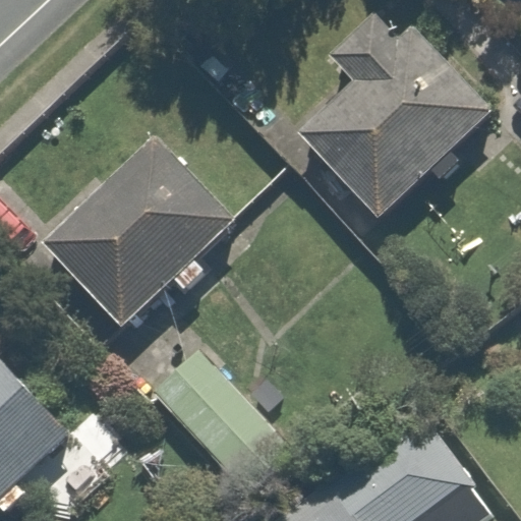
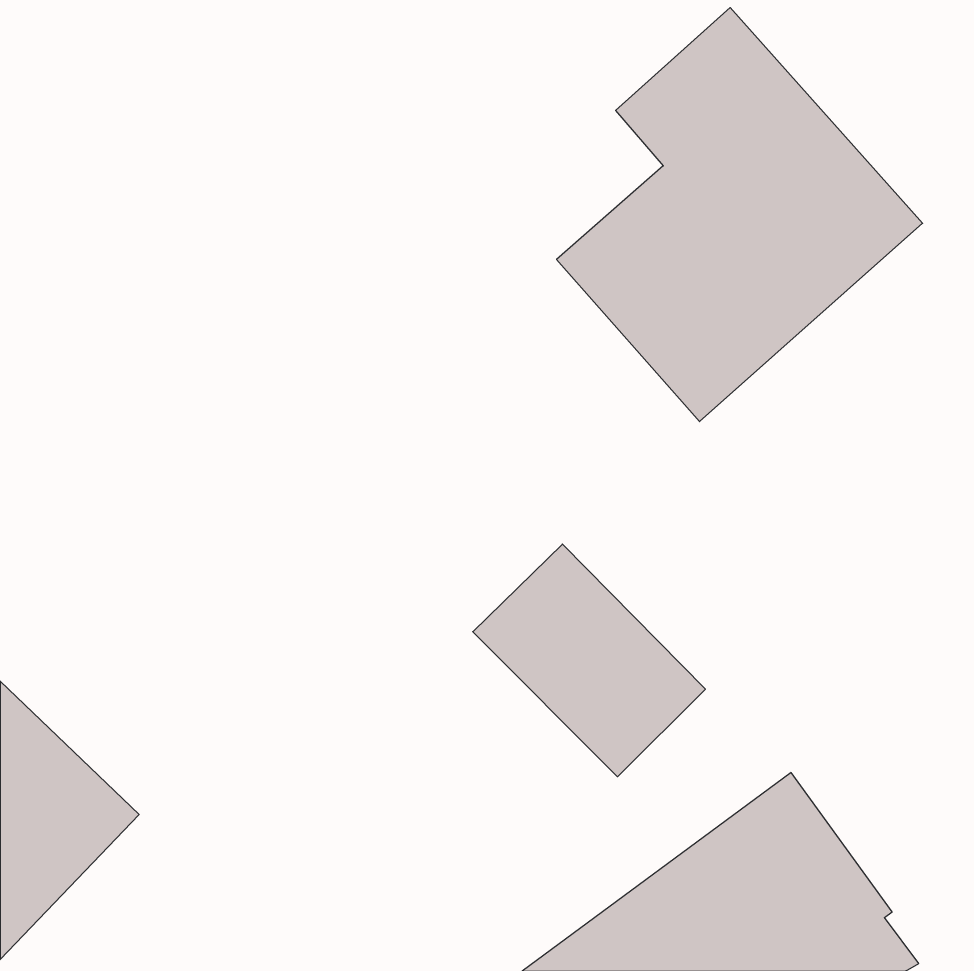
building: [44,140,228,325] -> none
building: [151,347,275,471] -> [473,544,705,777]

